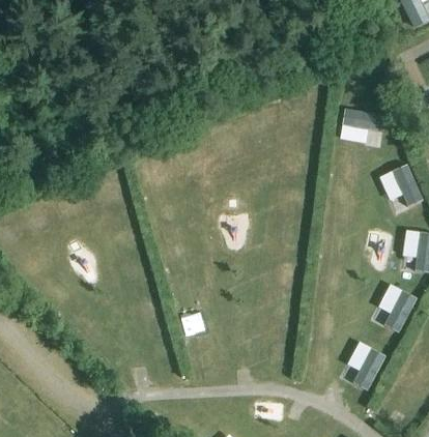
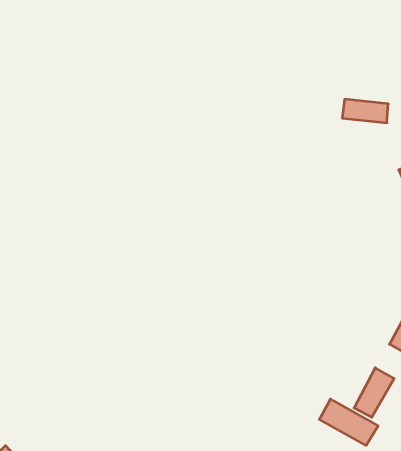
building: none -> [319,399,378,445]

